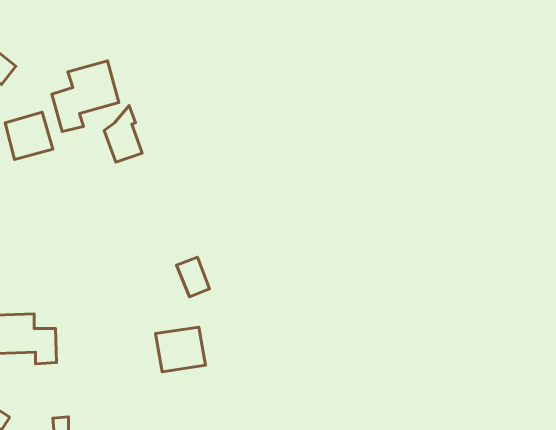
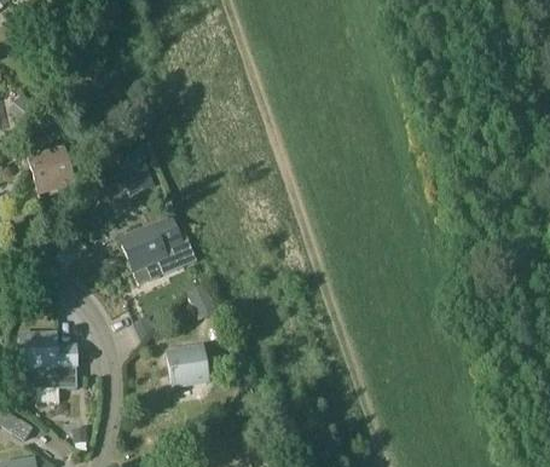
building: [52,61,119,132] -> none
building: none -> [118,217,202,282]

